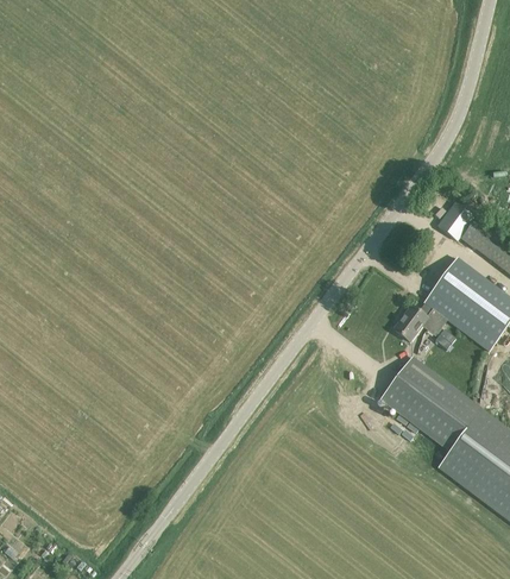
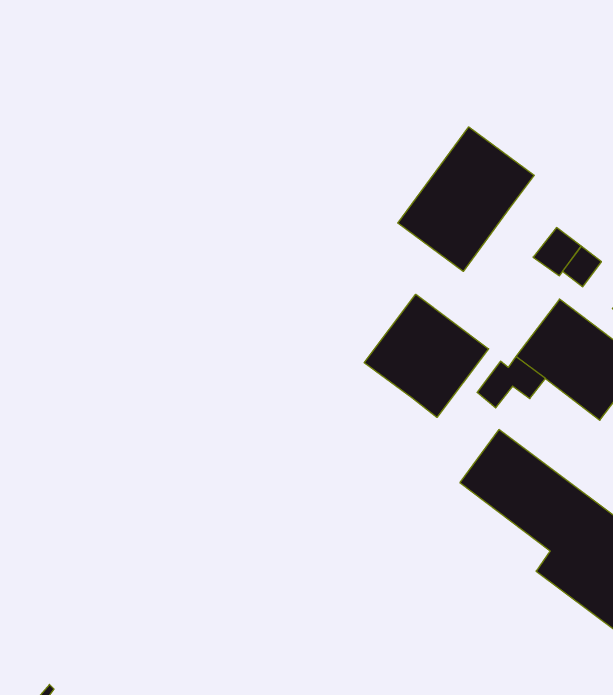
building: none -> [398,127,534,271]
building: none -> [364,294,489,417]

